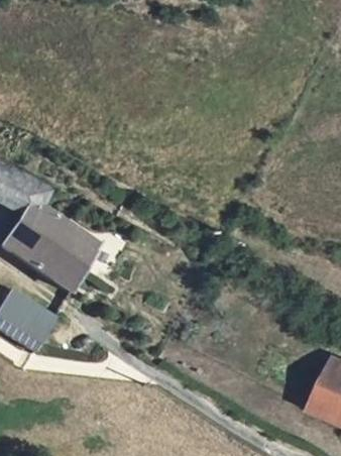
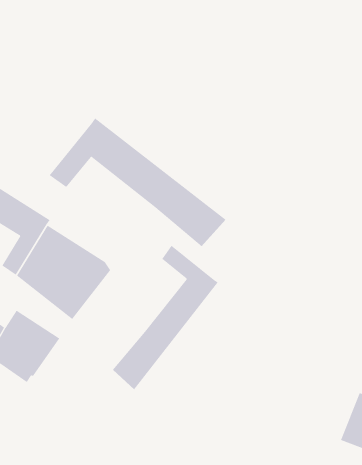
building: none -> [49,118,227,247]
building: none -> [112,245,218,390]

